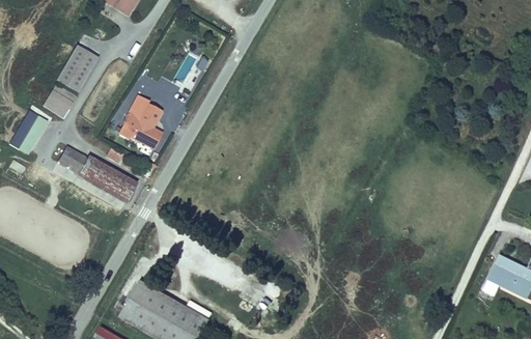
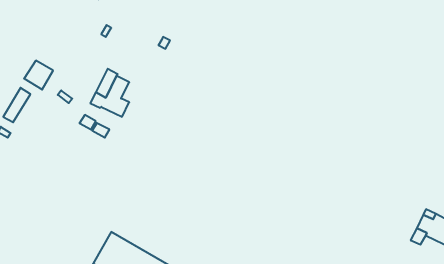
building: [56,45,99,92] -> none
building: [51,142,137,203] -> none

